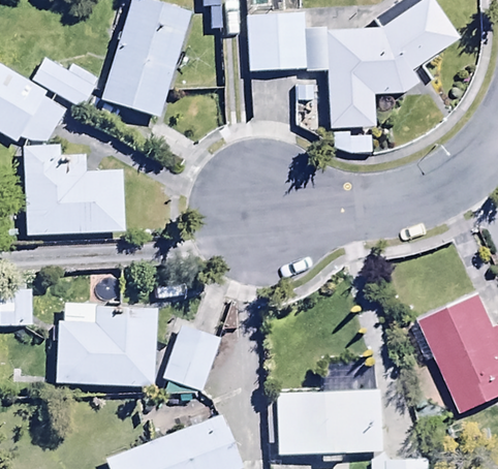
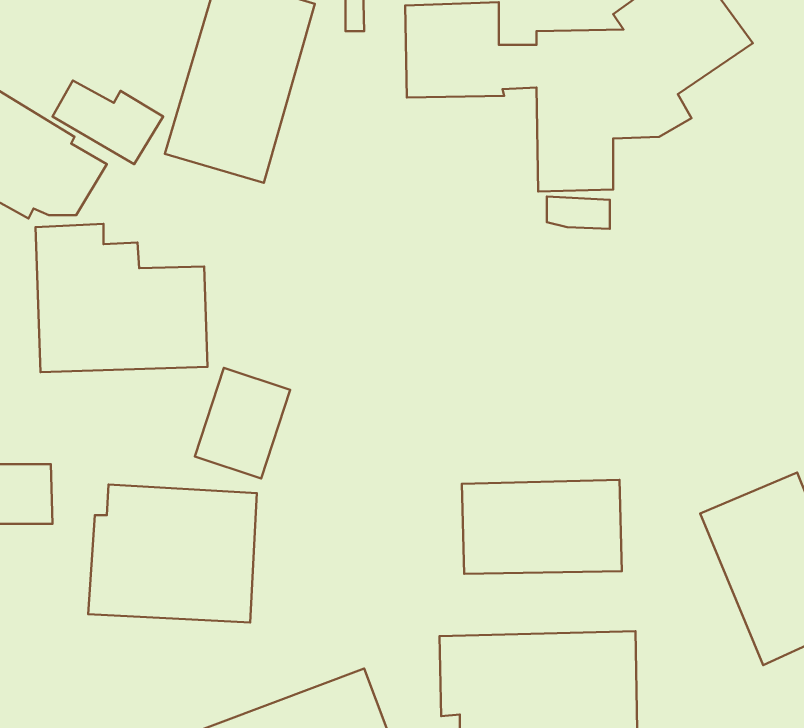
building: none -> [462,480,622,574]
building: [162,323,220,390] -> [195,368,290,479]

